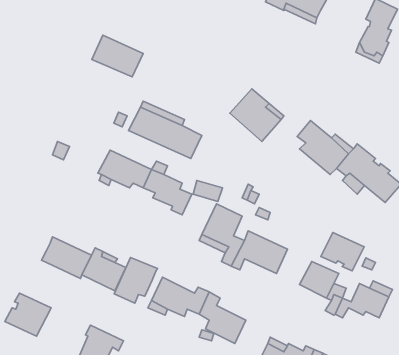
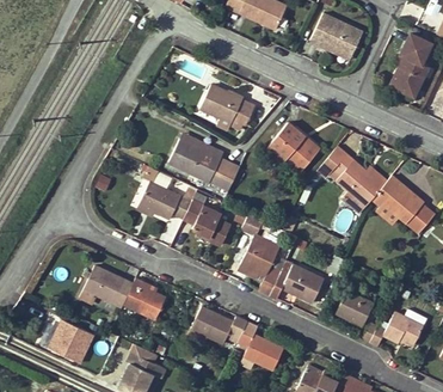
building: [92,35,143,77] -> [201,85,251,125]
building: [321,232,364,271] -> none
building: [114,258,158,303] -> none

